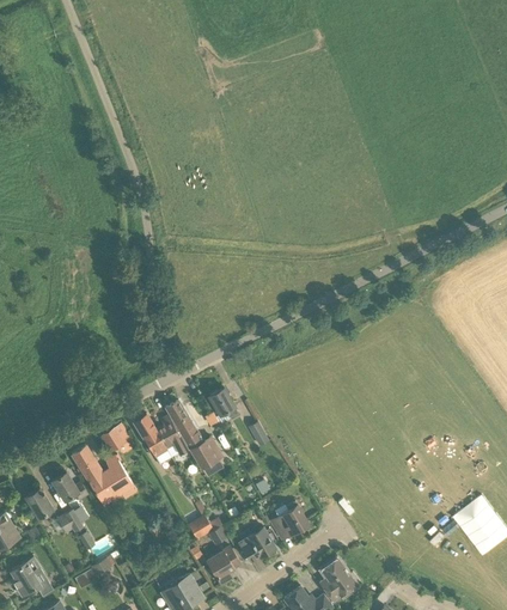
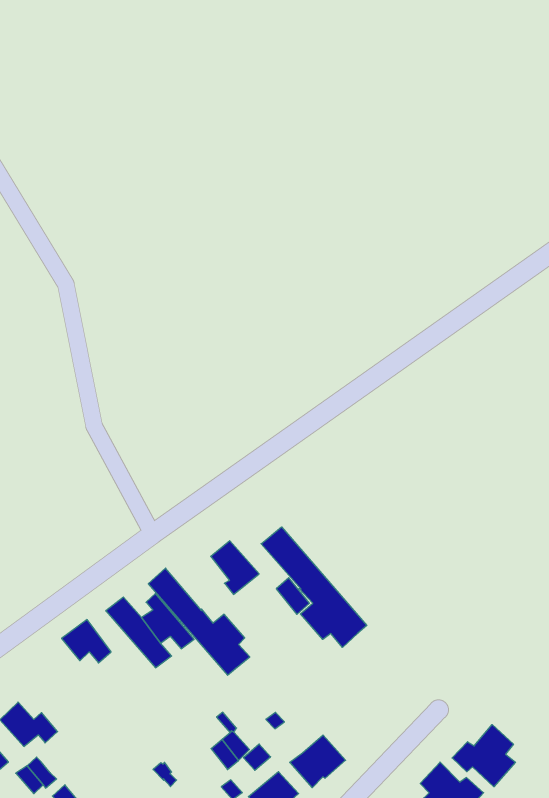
building: none -> [261,527,367,647]
building: [72,446,136,506] -> none
building: [270,501,309,536] -> none
building: none -> [452,725,515,787]

